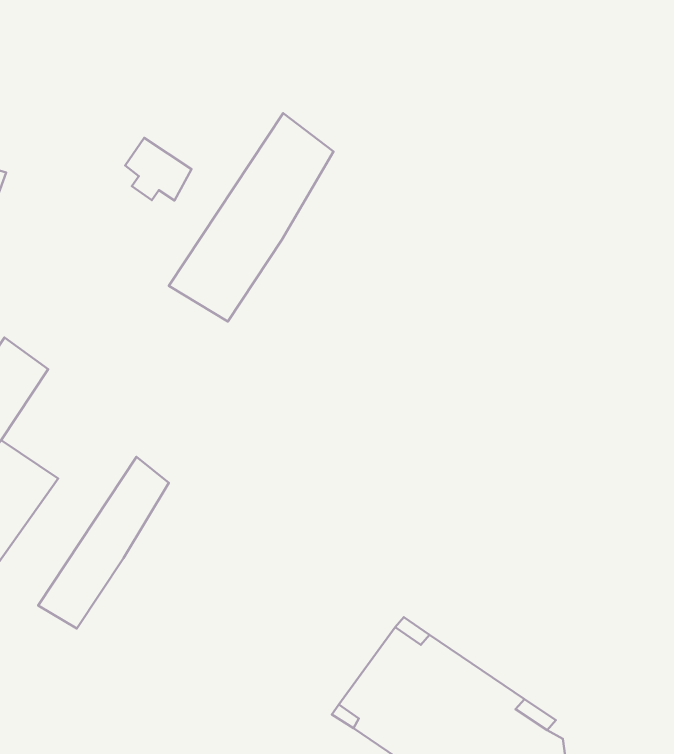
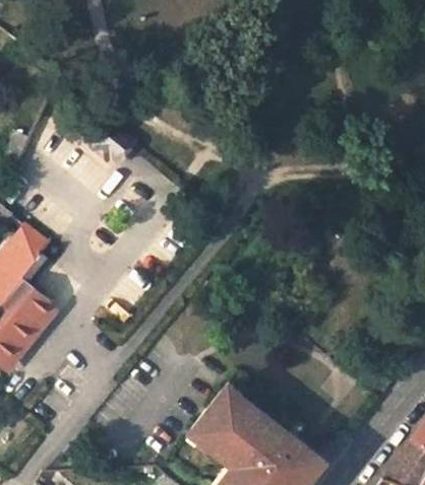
building: [169,113,333,322] -> none
building: [38,457,169,628] -> none

